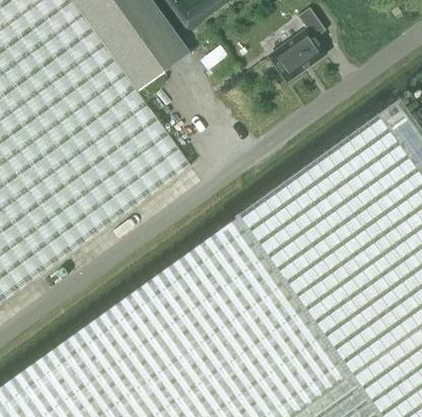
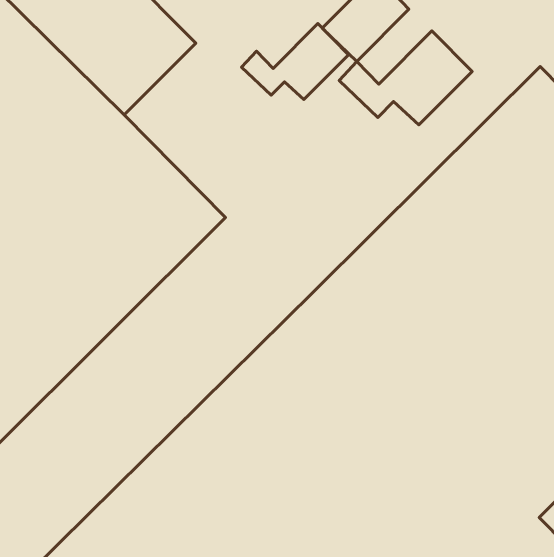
building: none -> [242,24,348,100]
building: none -> [339,31,472,125]

